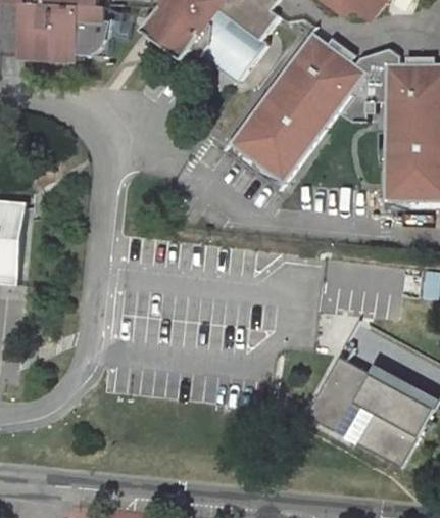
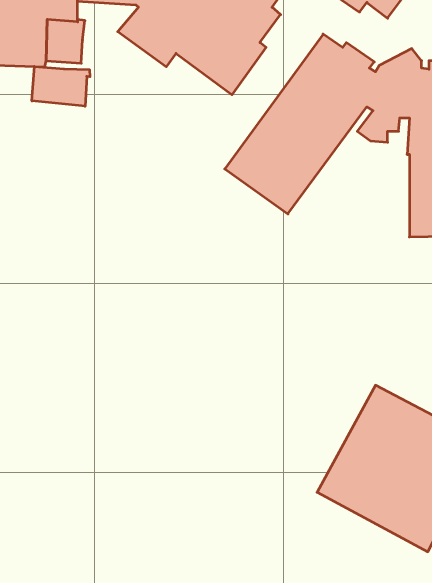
building: none -> [32,66,90,106]

